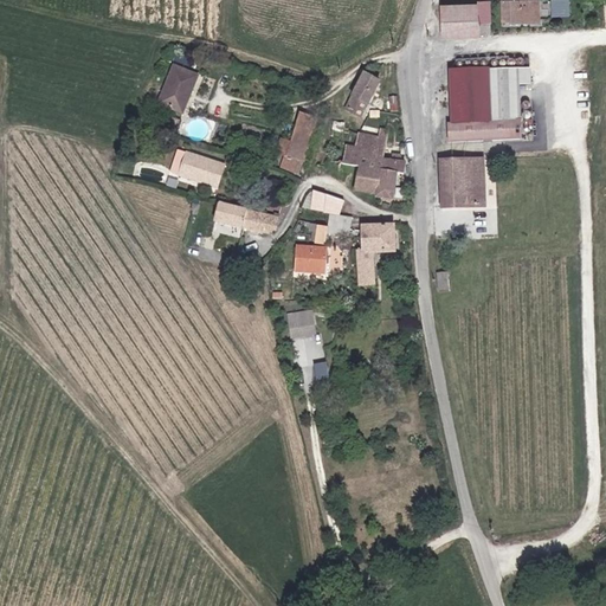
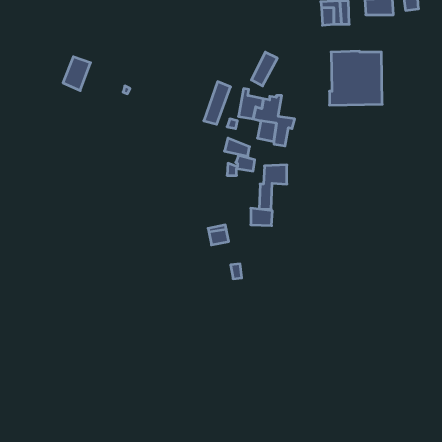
building: [157,67,195,114] -> [63,57,91,91]
building: [167,150,223,186] -> none
building: [439,157,482,206] -> none
building: [214,200,278,230] -> none
building: [294,243,323,266] -> [251,208,272,226]

